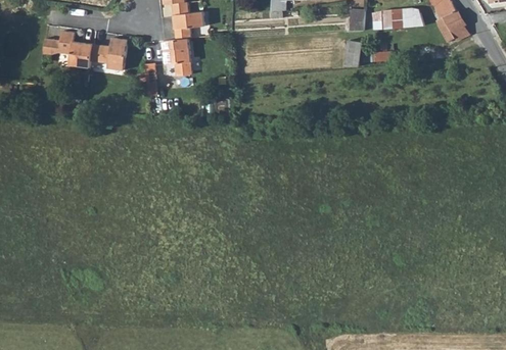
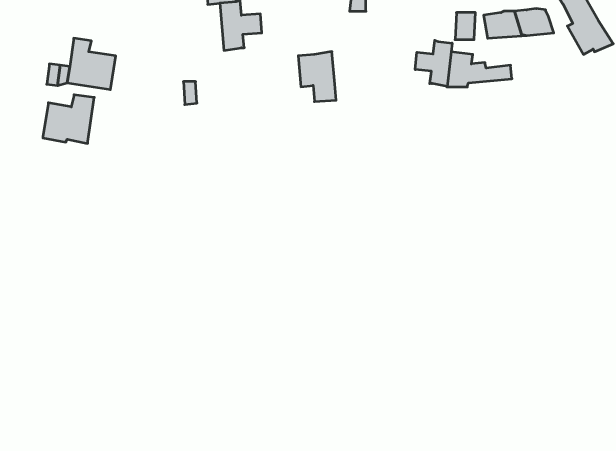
building: none -> [415,40,452,86]
building: [89,37,128,73] -> [43,95,94,143]
building: [163,37,191,74] -> [298,52,336,102]

